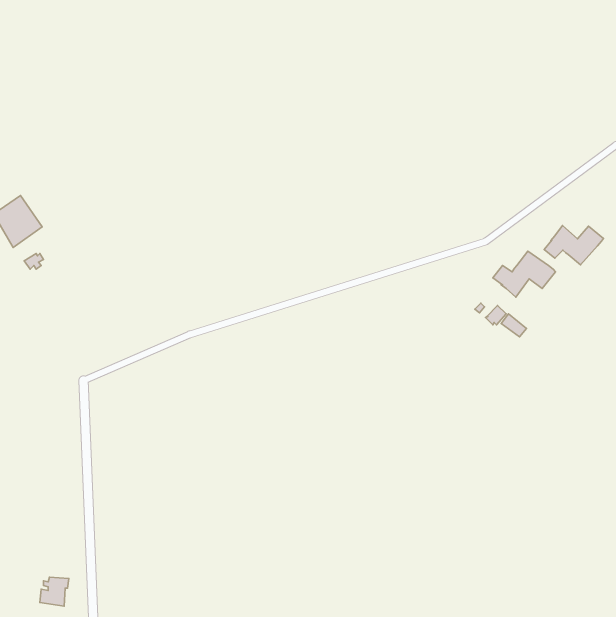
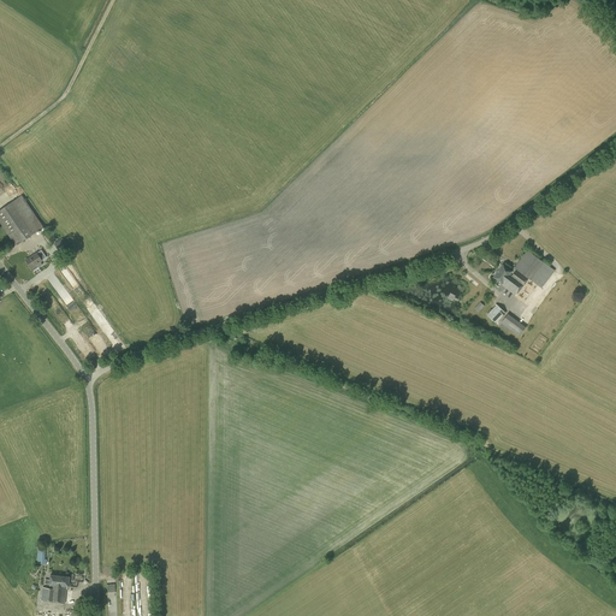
building: [544,226,603,265] -> none

